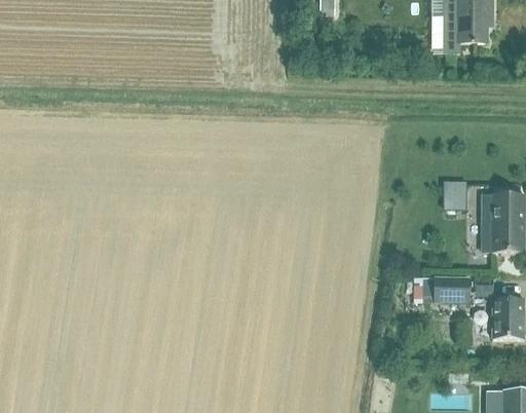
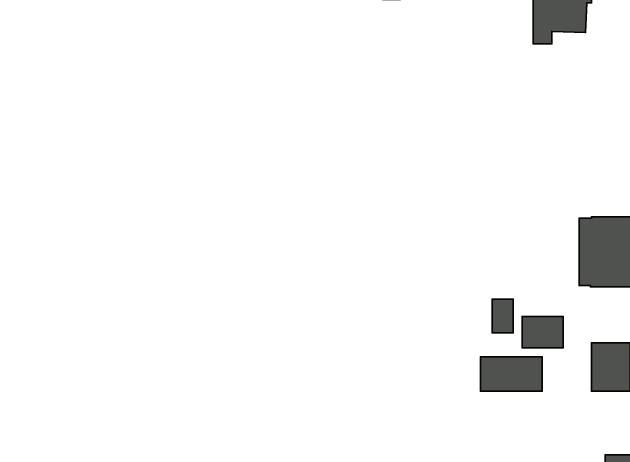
building: [443,180,465,209] -> none
building: none -> [480,357,542,391]

